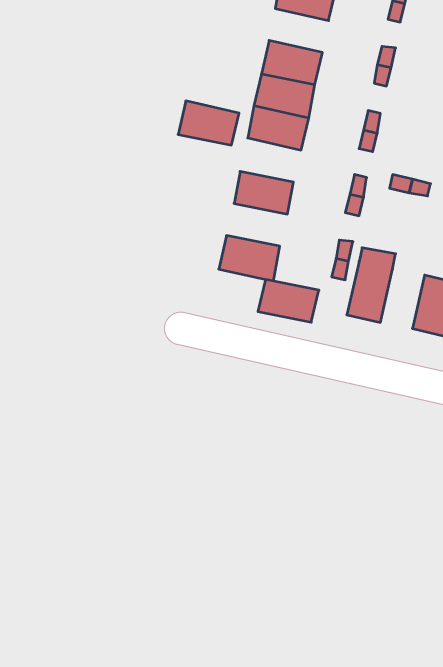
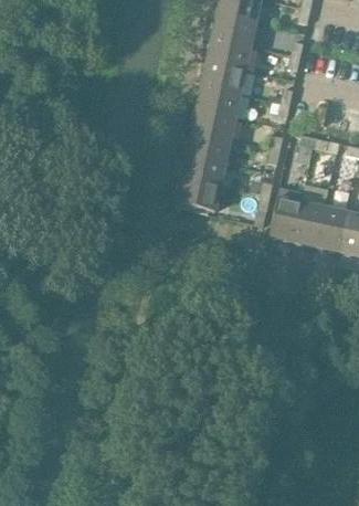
building: none -> [213,13,256,45]
building: [178,101,239,145] -> [192,107,236,139]
building: none -> [294,202,326,245]
building: [258,280,319,322] -> [182,155,226,186]

